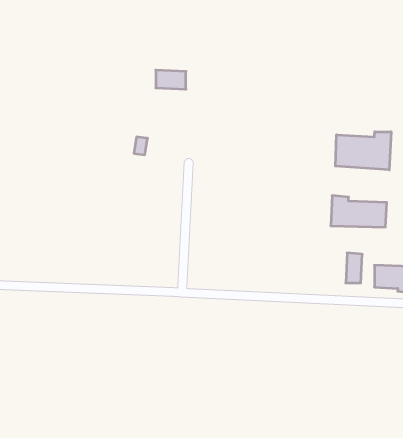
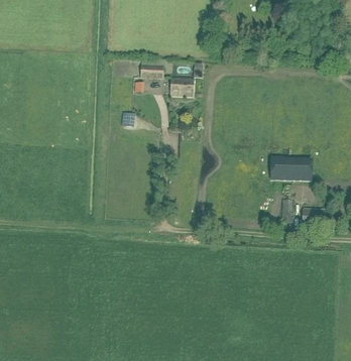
building: none -> [169,76,193,94]
building: [335,132,391,170] -> none

